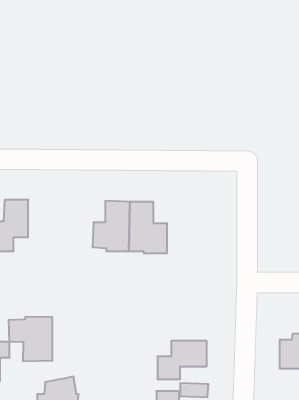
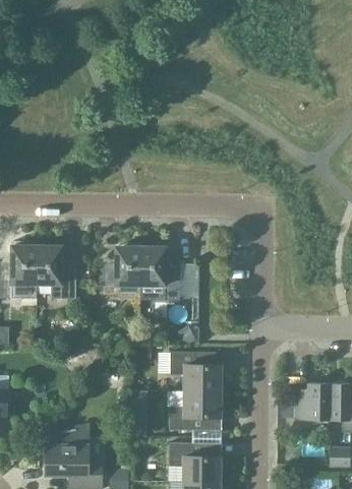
building: none -> [37,245,76,299]
building: none -> [170,351,221,390]
building: [9,317,52,361] -> none

